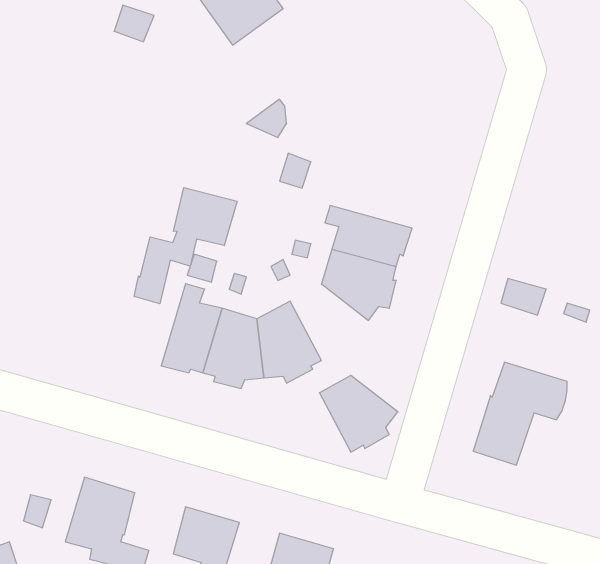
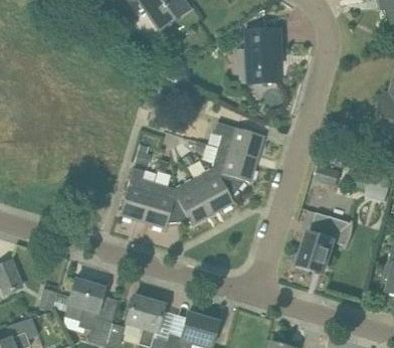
building: none -> [237,28,279,82]
building: [134,188,237,304] -> none
building: [319,375,398,452] -> [193,167,238,211]

